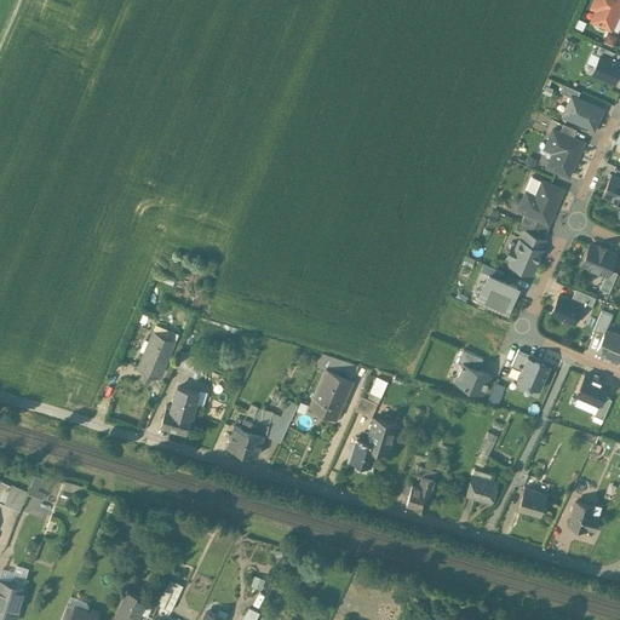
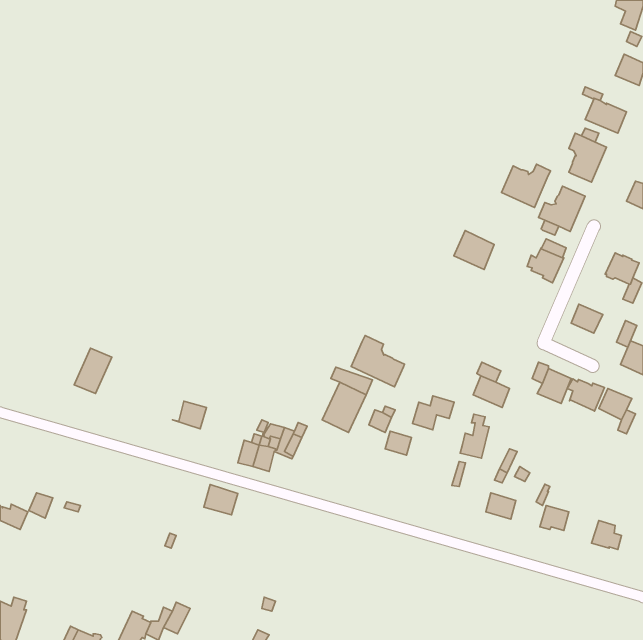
building: none -> [501,164,551,207]
building: [478,276,517,314] -> [454,231,494,270]
building: none -> [351,335,404,387]
building: [139,334,176,378] -> [74,348,112,394]
building: none -> [567,379,604,411]
building: [160,407,193,436] -> [204,485,238,515]
building: [351,435,391,467] -> [413,396,454,430]
building: [407,467,435,510] -> [460,414,489,458]

